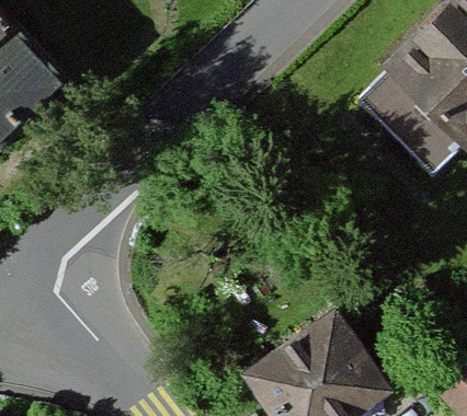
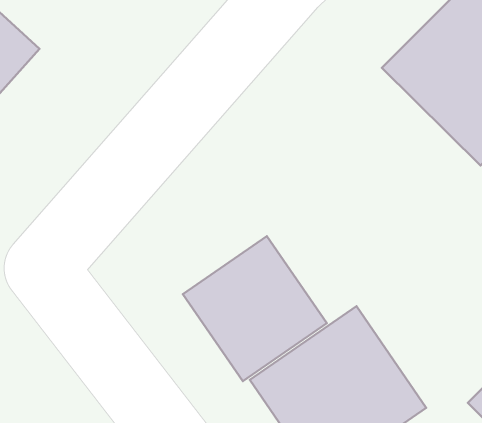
building: none -> [183,236,327,381]

